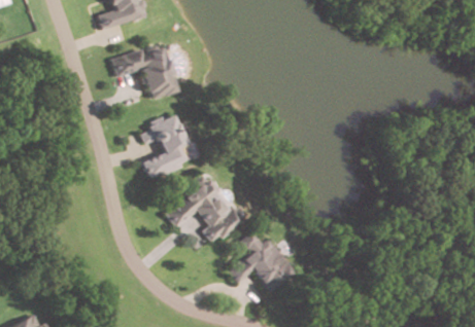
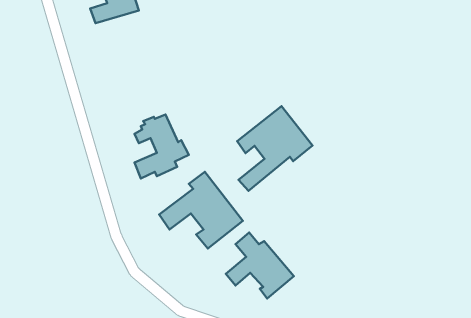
building: [109,41,177,100] -> none
building: none -> [237,106,313,191]

